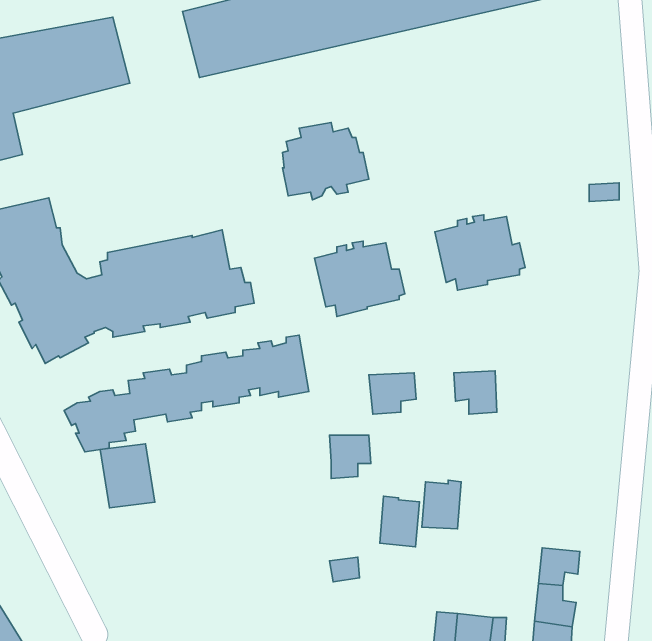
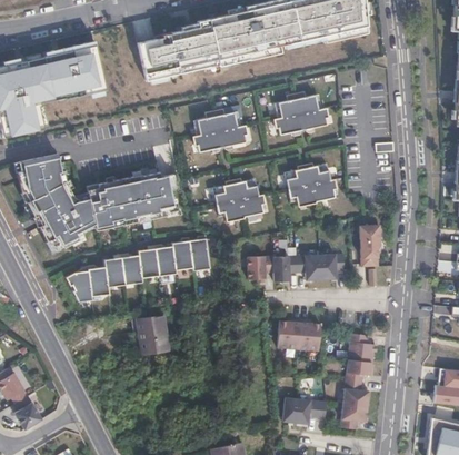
building: none -> [276,91,327,136]
building: none -> [360,226,380,268]
building: none -> [320,254,343,279]
building: [329,435,371,478] -> [272,256,297,281]
building: [100,444,155,508] -> [127,314,159,352]
building: [380,496,419,547] -> [298,320,321,350]
building: none -> [348,333,373,362]

